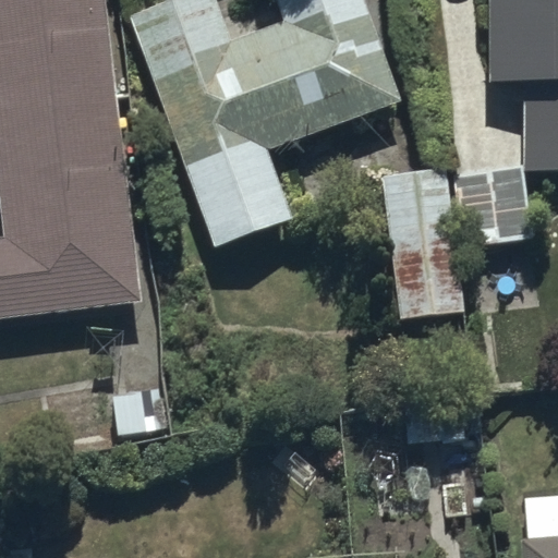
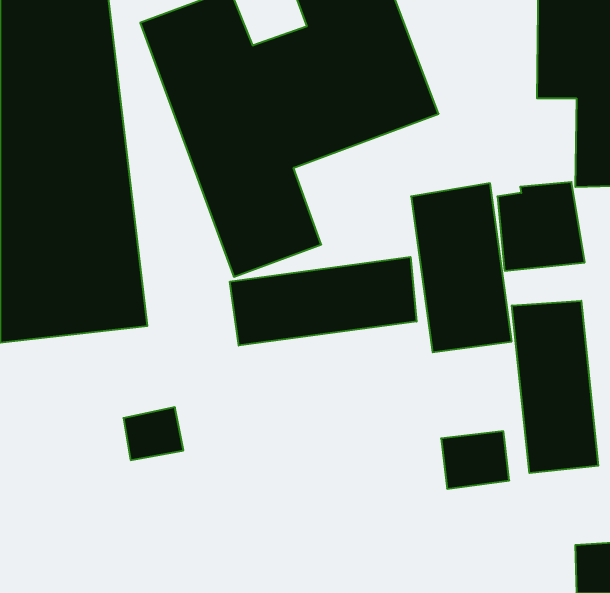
building: none -> [230,257,417,346]
building: none -> [512,301,598,473]

